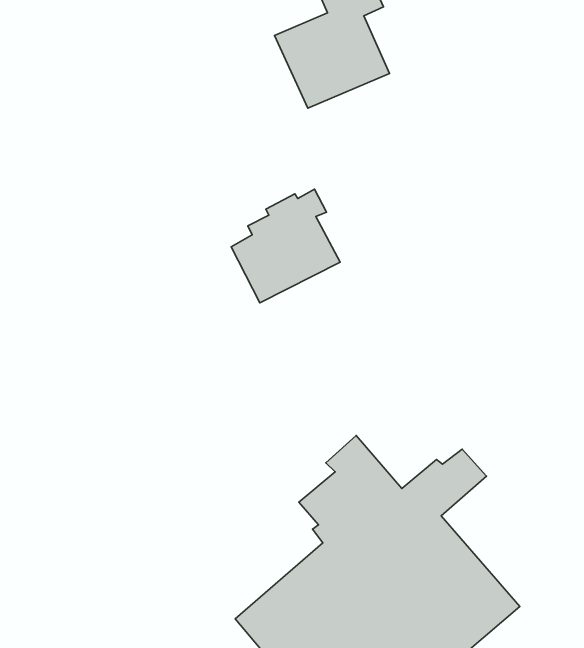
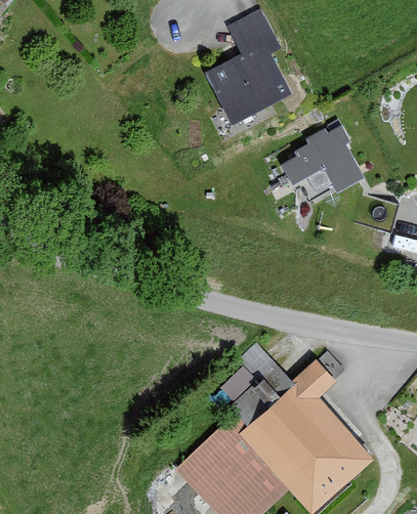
building: [231,189,340,303] -> [284,127,358,204]

